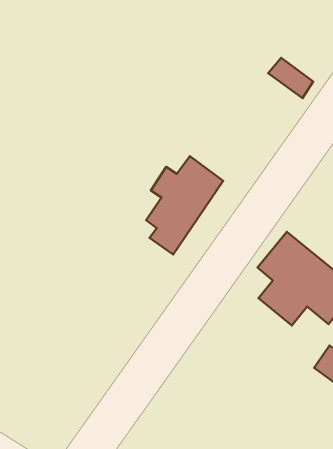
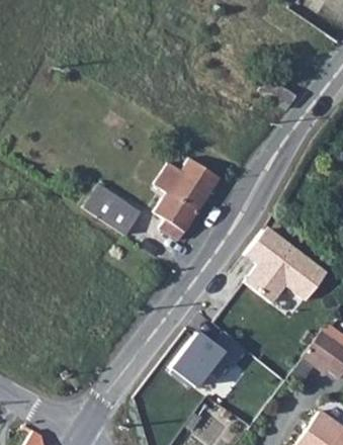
building: none -> [79,185,138,239]
building: none -> [175,330,251,384]

